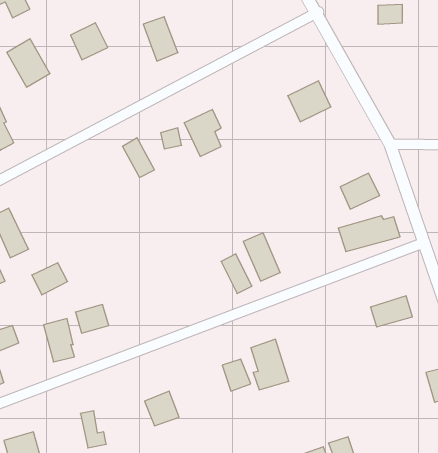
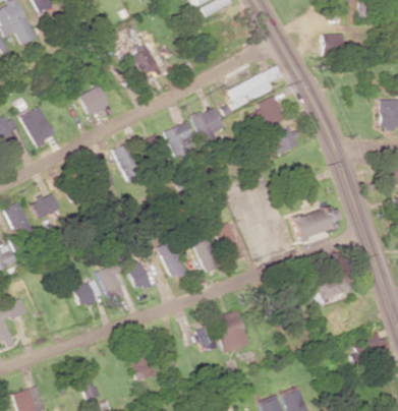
building: [71,23,108,60] -> [79,85,110,116]
building: [7,39,50,87] -> [19,106,55,145]
building: none -> [227,66,282,107]
building: none -> [191,107,224,139]
building: [340,173,380,209] -> [266,125,298,155]
building: none -> [158,241,184,277]
building: [32,263,68,295] -> [30,192,59,219]
building: none -> [125,261,151,291]
building: [44,319,74,362] -> [99,265,124,300]

